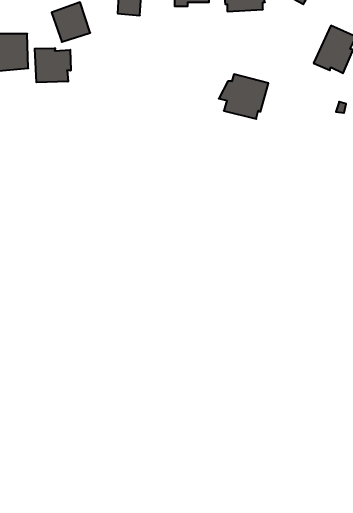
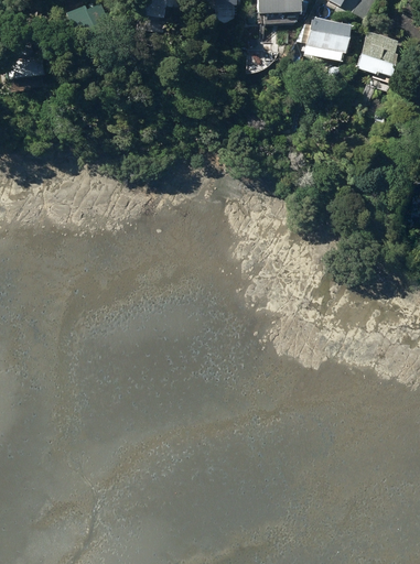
building: [35,48,71,82] -> none
building: [219,74,268,119] -> [299,14,353,63]

